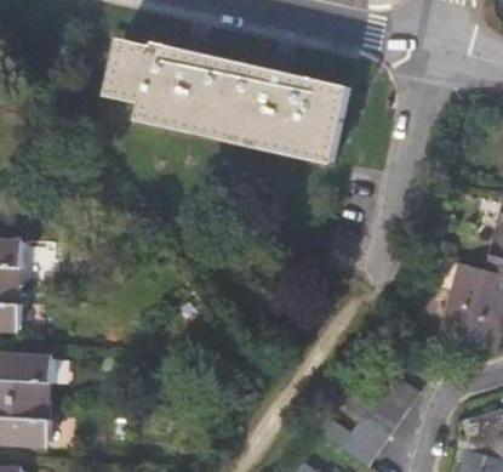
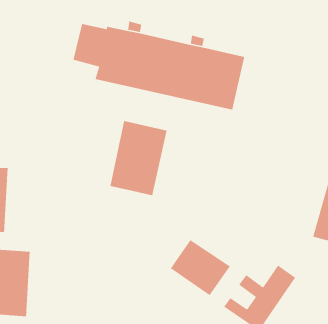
building: none -> [110,120,167,196]
building: none -> [170,239,231,296]

